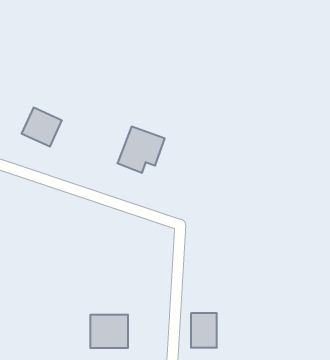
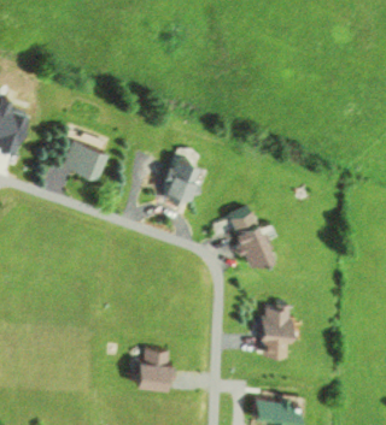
building: none -> [232,218,269,264]
building: [191,313,217,348] -> [261,305,287,340]

